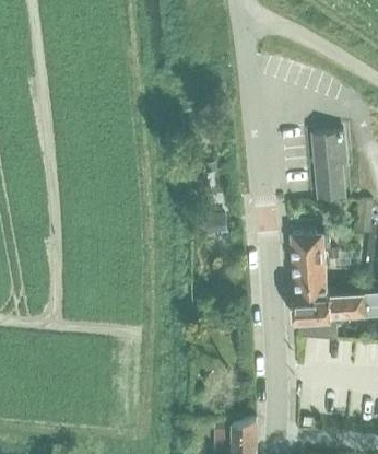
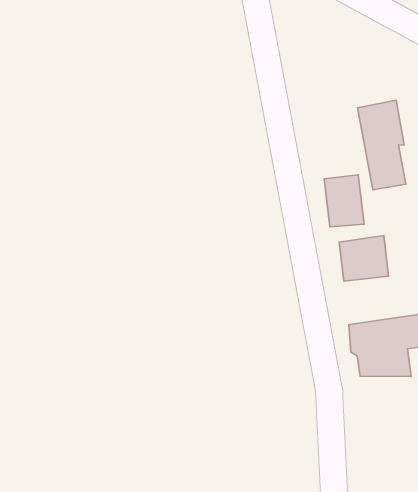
building: none -> [324,175,364,227]
building: [292,263,328,296] -> none

